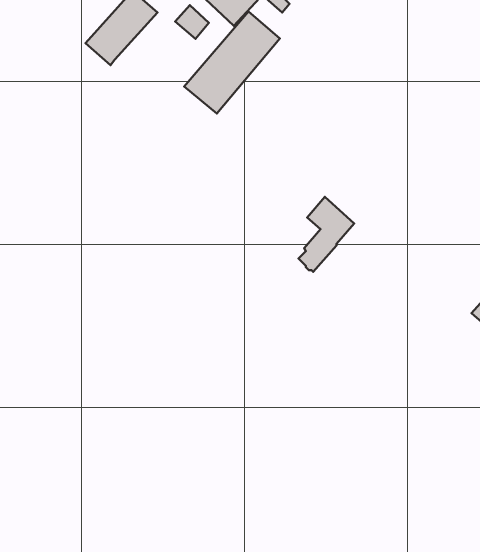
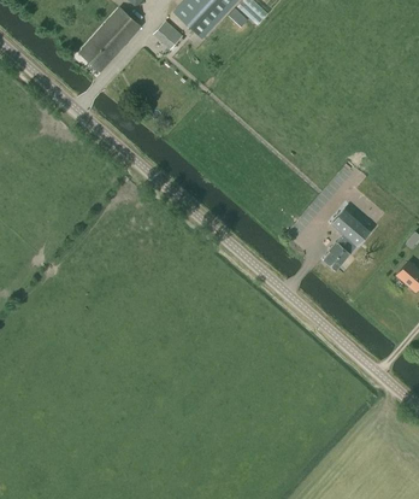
building: [184,11,280,113] -> none
building: [298,197,354,272] -> [324,207,370,269]

